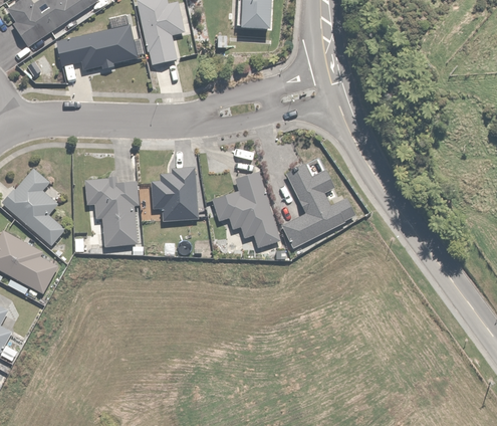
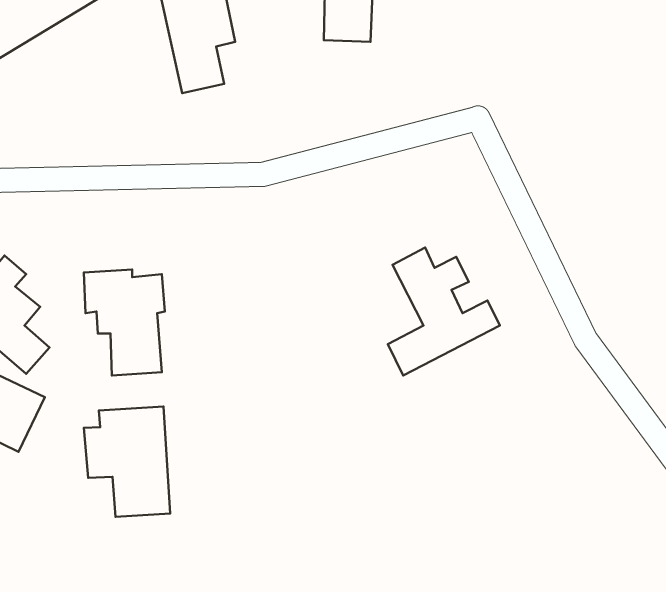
building: [54,22,138,66] -> none
building: [151,168,198,222] -> none
building: [211,170,284,247] -> none
building: none -> [84,407,170,517]

